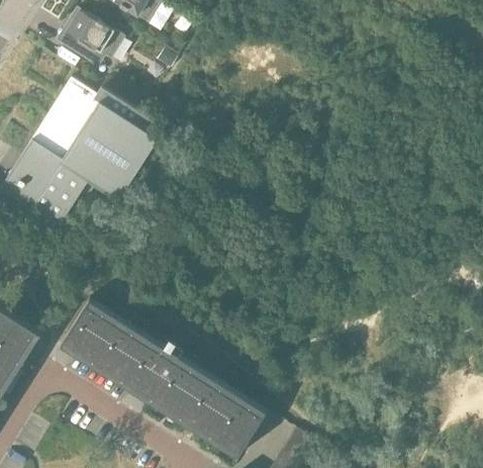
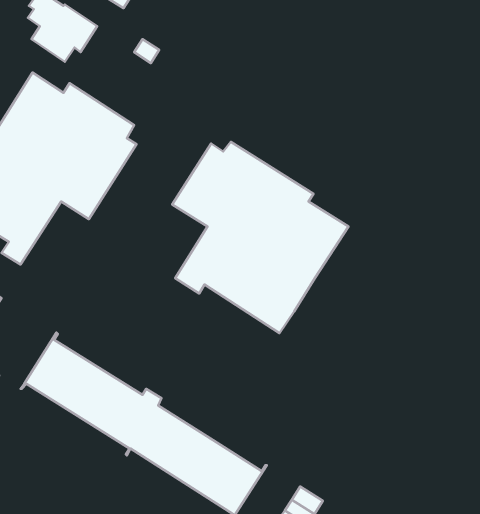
building: none -> [172,142,349,333]

